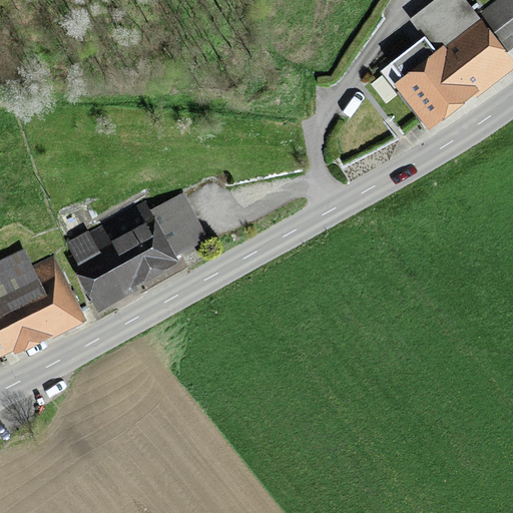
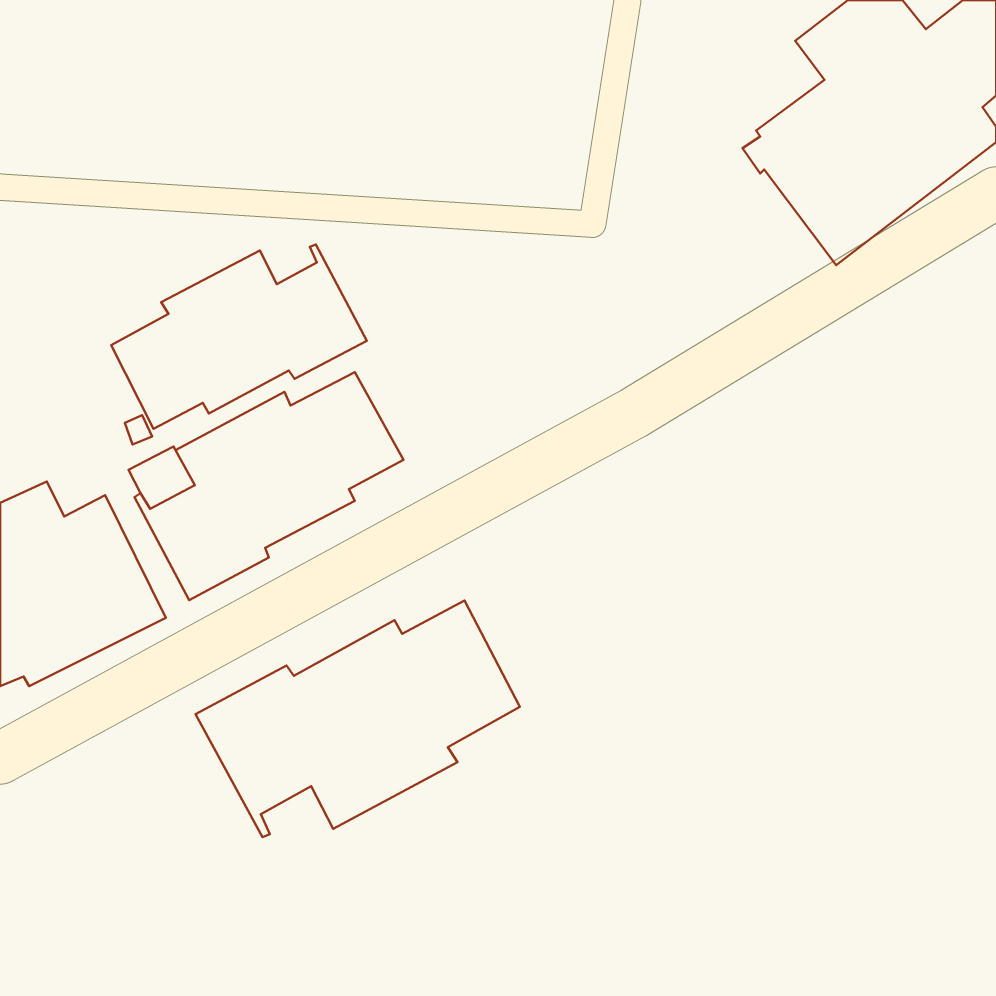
building: none -> [111,244,367,429]
building: none -> [196,600,520,837]

